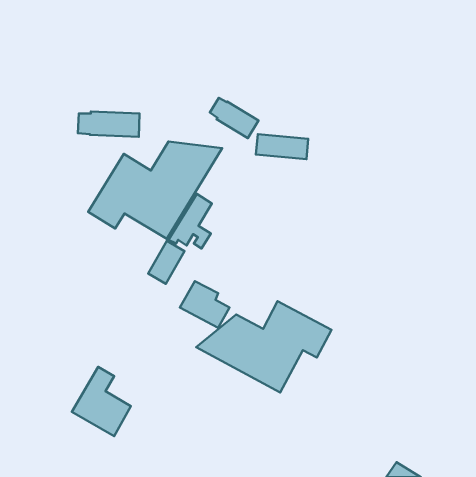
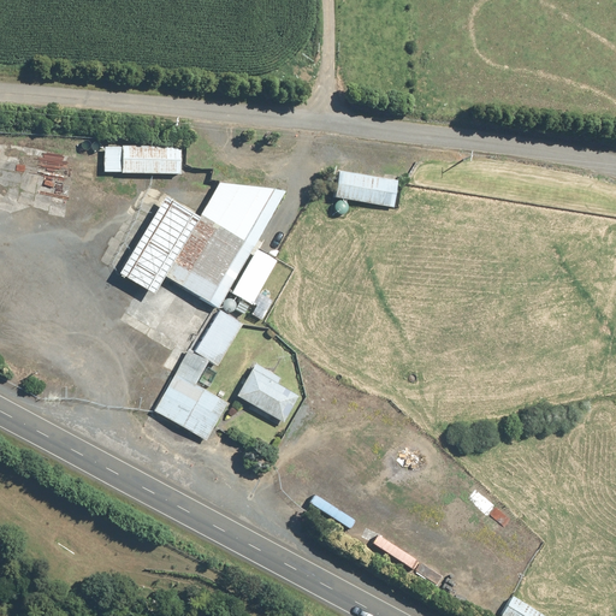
building: [210,98,259,138] -> none
building: [196,301,332,392] -> none
building: [72,367,131,436] -> [153,350,229,439]

